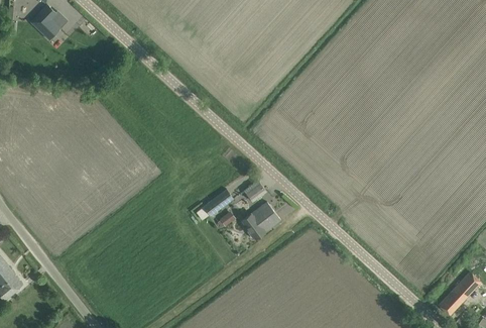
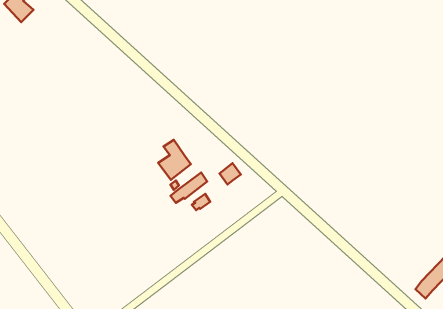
building: none -> [158,140,191,180]
building: [242,202,281,239] -> none

